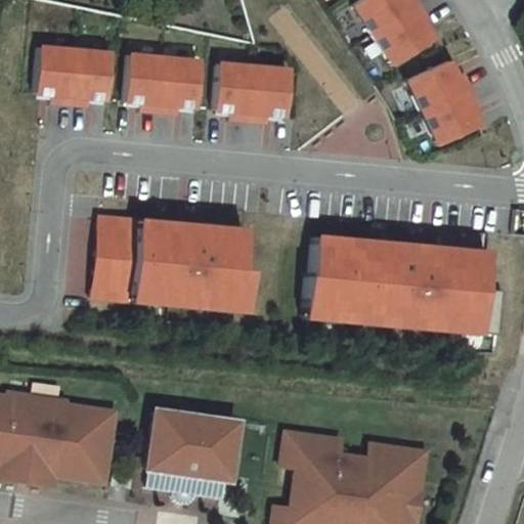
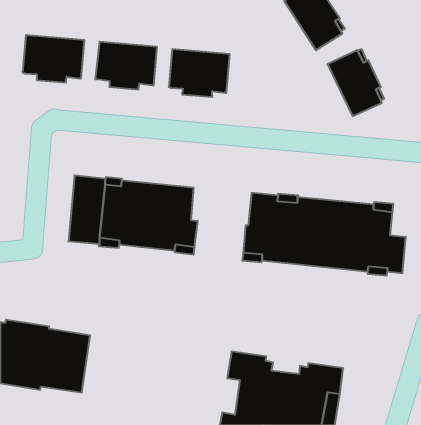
building: [150,409,239,500] -> none

